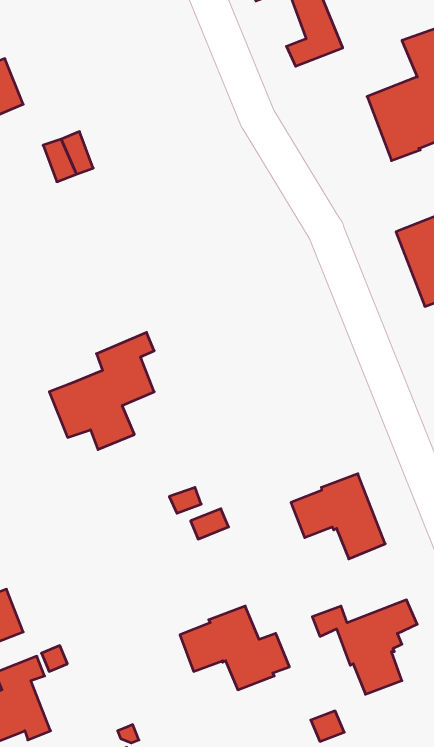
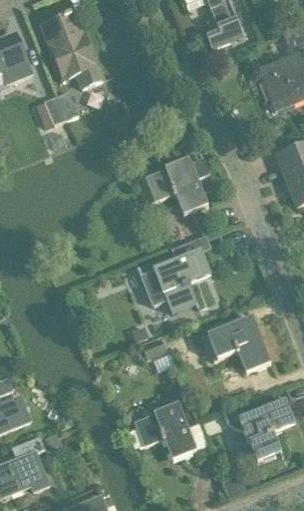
building: none -> [41,13,103,89]
building: none -> [145,154,214,215]
building: [49,332,154,450] -> [140,235,210,313]

